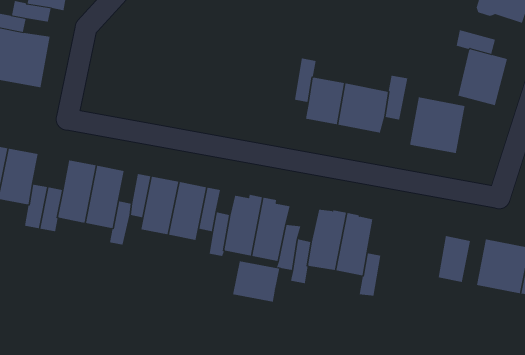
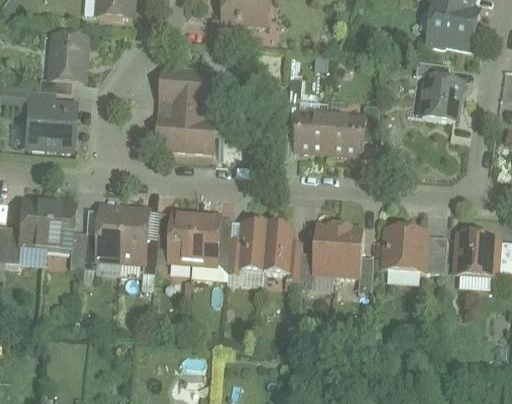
building: none -> [156,70,218,151]
building: [409,97,465,154] -> none
building: none -> [384,228,424,270]
building: [233,260,280,302] -> none

